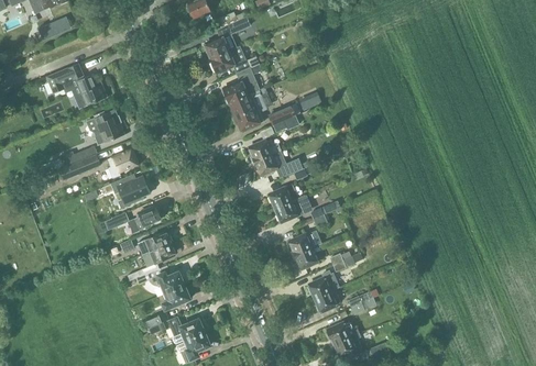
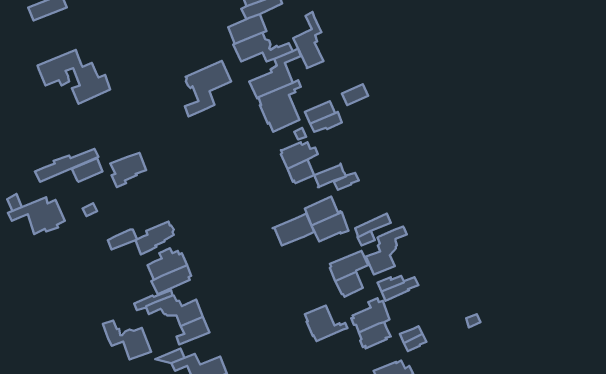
building: none -> [293,12,323,68]
building: none -> [185,61,231,117]
building: [92,109,124,145] -> none
building: [102,173,150,203] -> [8,197,65,234]
building: none -> [273,214,314,245]
building: none -> [366,226,407,275]
building: none -> [305,306,348,341]
building: none -> [103,321,151,360]

